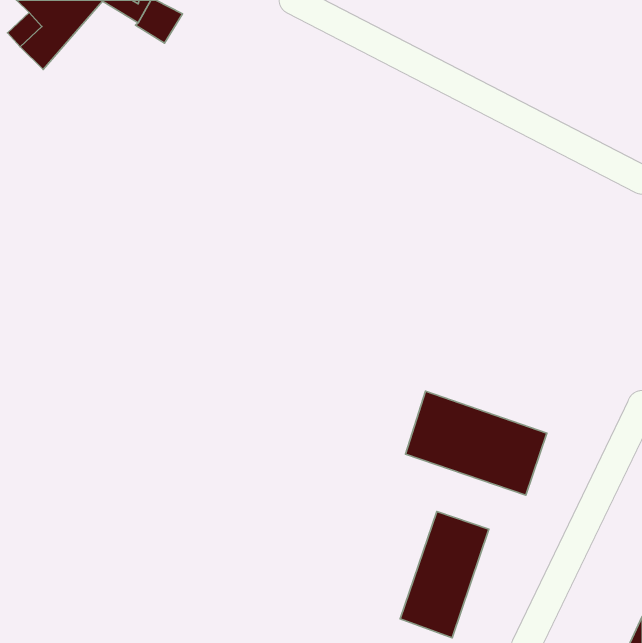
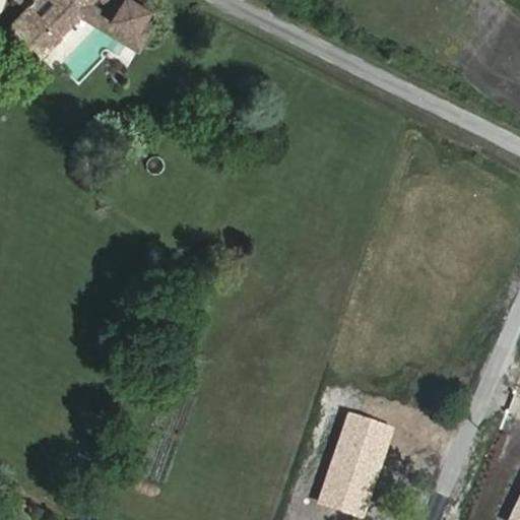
building: [406,391,547,495] -> none

